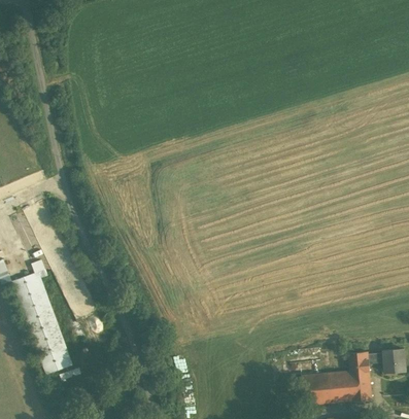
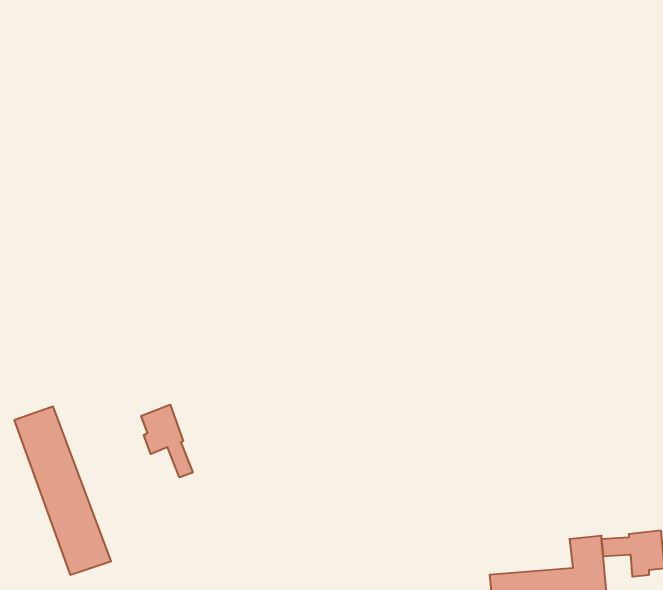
building: none -> [141,405,193,477]

